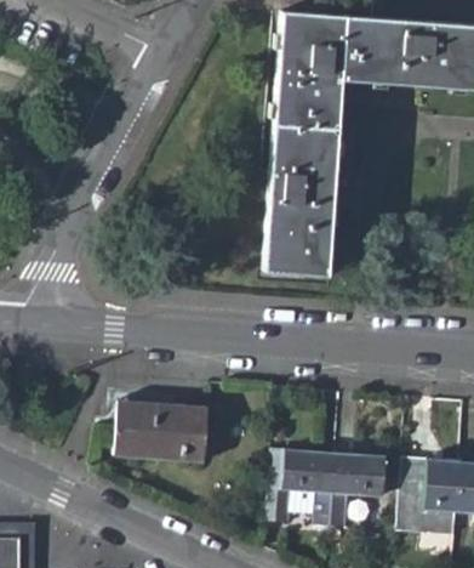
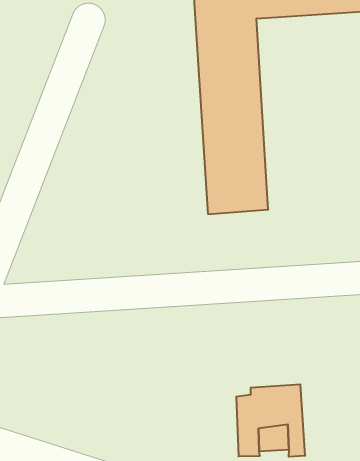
building: [113,402,210,465] -> none
building: [331,455,387,529] -> none

